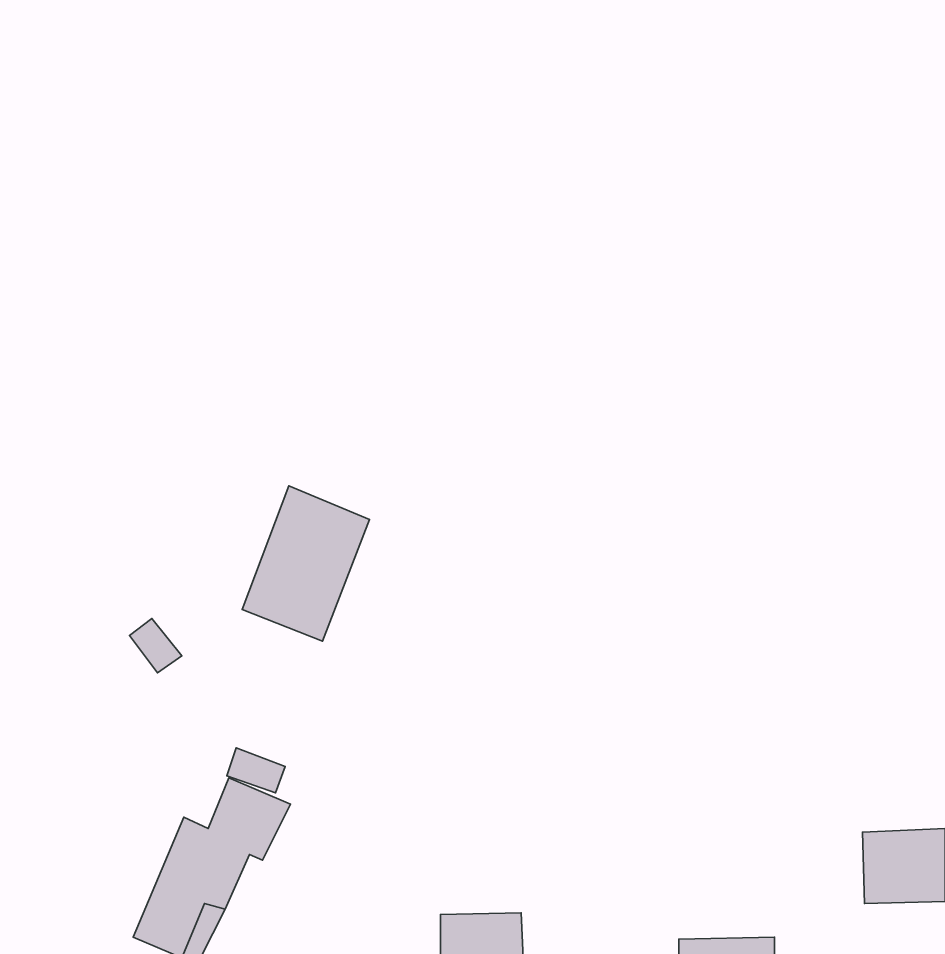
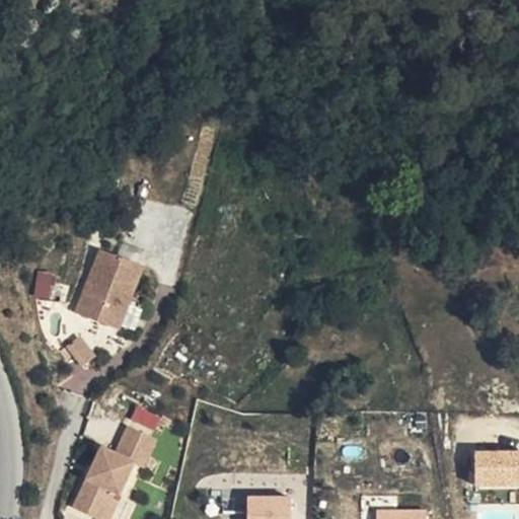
building: [242,486,370,641] -> [78,246,147,330]

